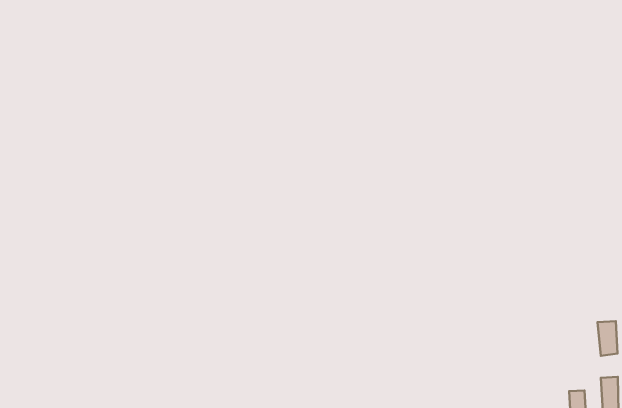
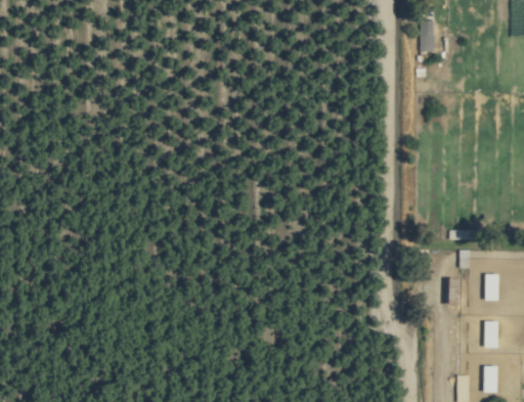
building: none -> [483,274,497,302]

